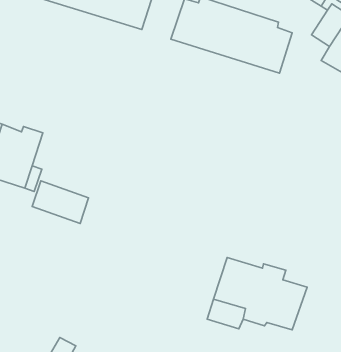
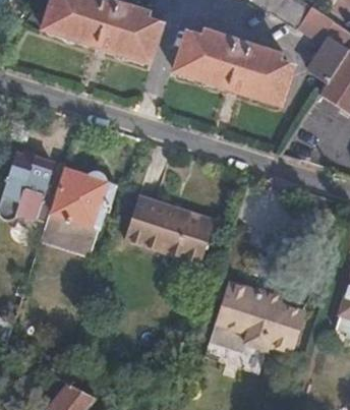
building: none -> [53,166,116,224]
building: none -> [124,194,213,260]

